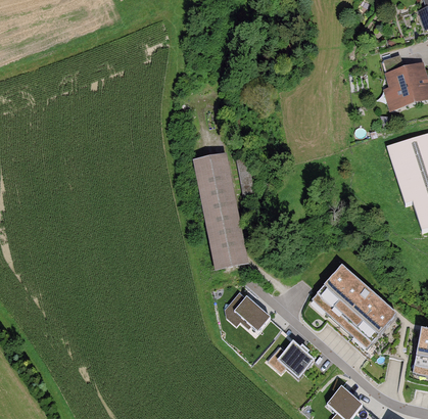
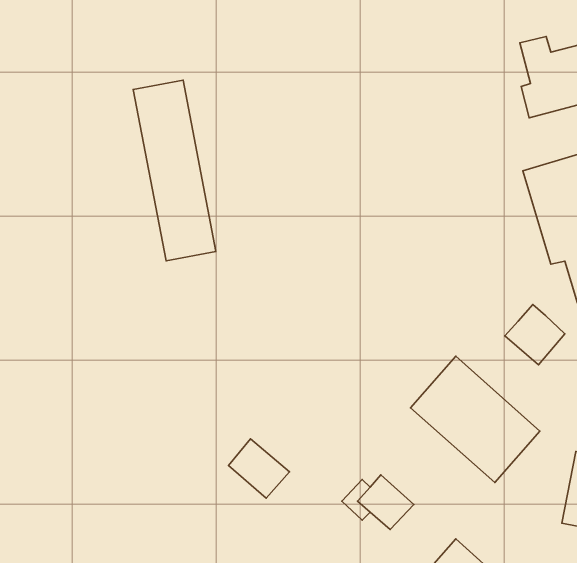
building: [194,153,248,272] -> [133,80,216,261]
building: none -> [505,304,565,365]
building: [233,297,273,336] -> [229,439,289,498]

